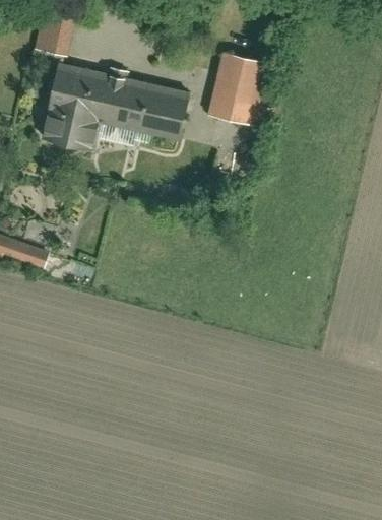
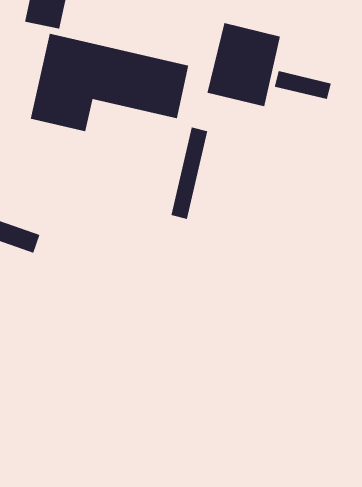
building: none -> [274,70,332,100]
building: none -> [171,127,208,220]

